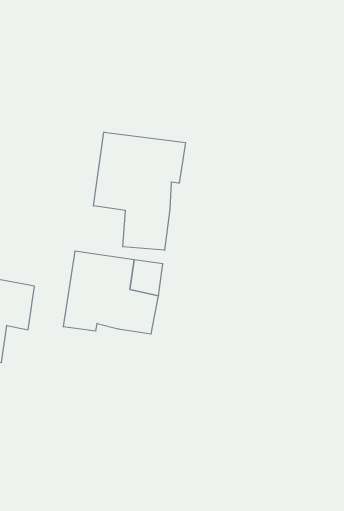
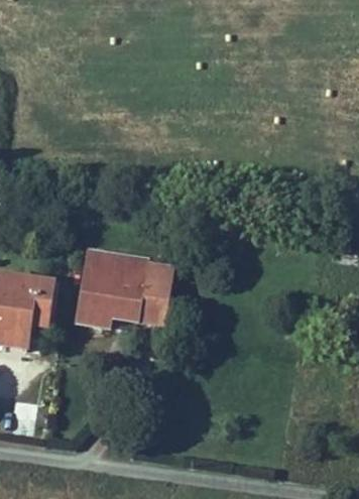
building: [93,132,185,250] -> none

